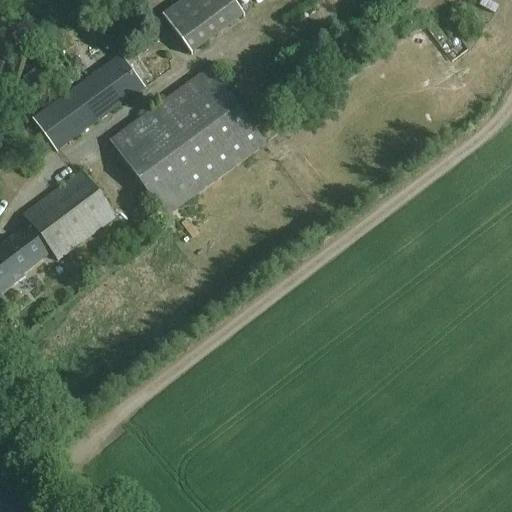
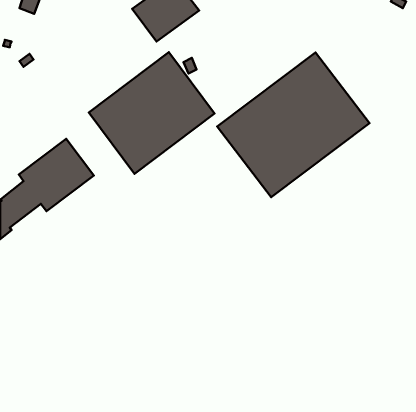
building: [34,53,142,146] -> none
building: none -> [217,52,369,197]

